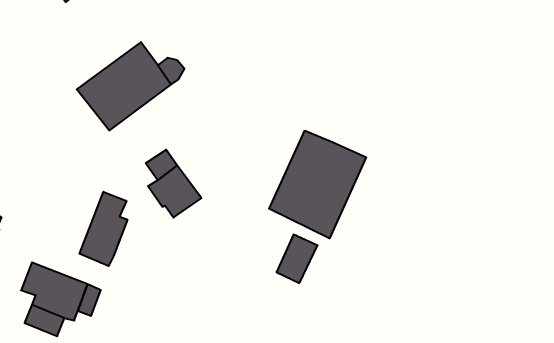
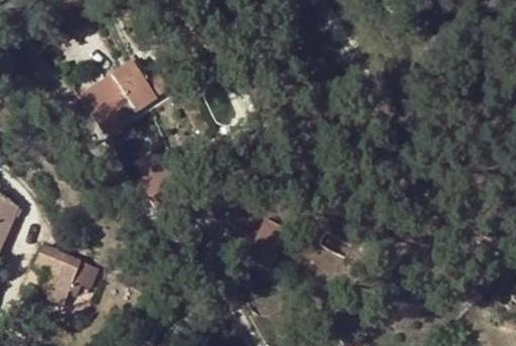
building: [269,131,366,238] -> none
building: [79,192,127,266] -> none

